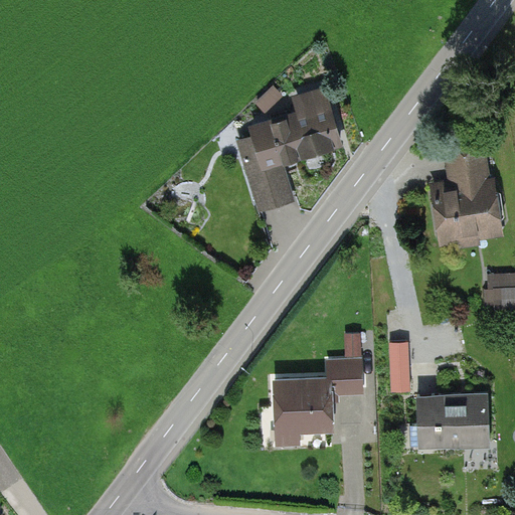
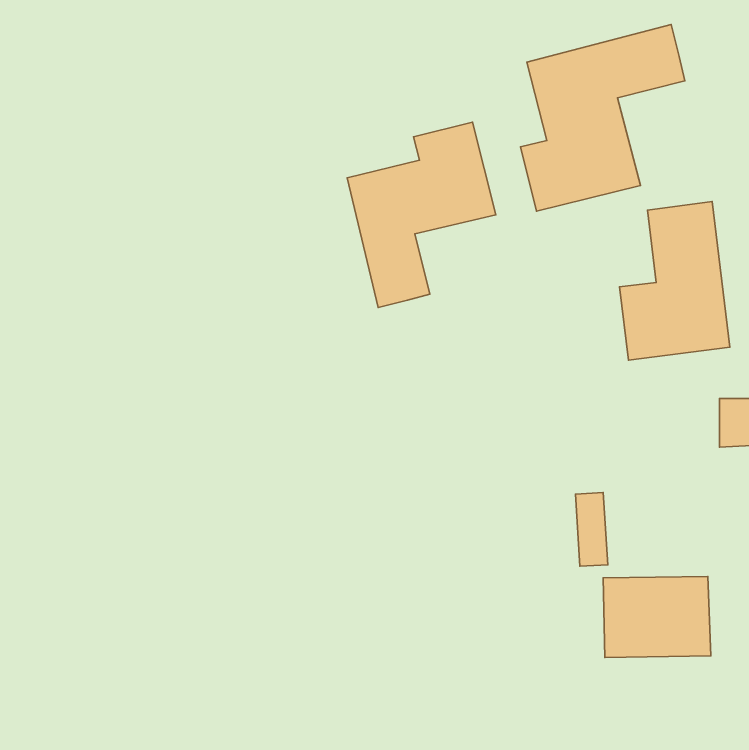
building: none -> [521,25,685,211]
building: [268,335,363,445] -> none

